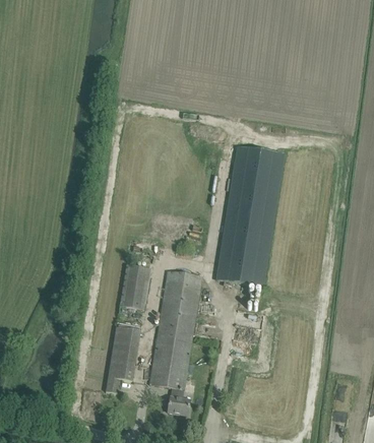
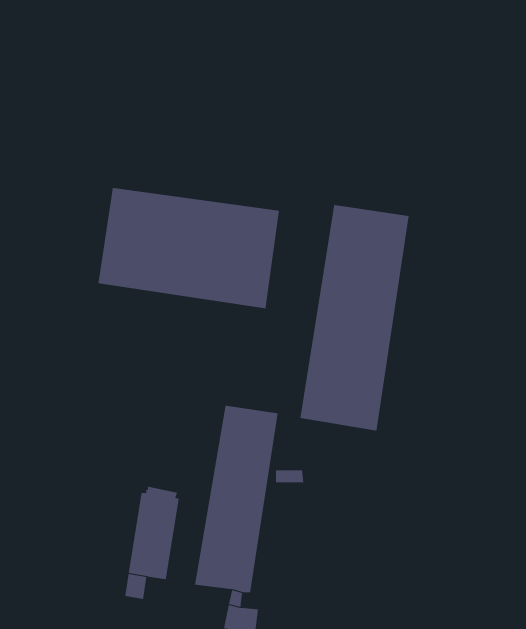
building: none -> [98,187,280,309]
building: [118,263,151,309] -> none

